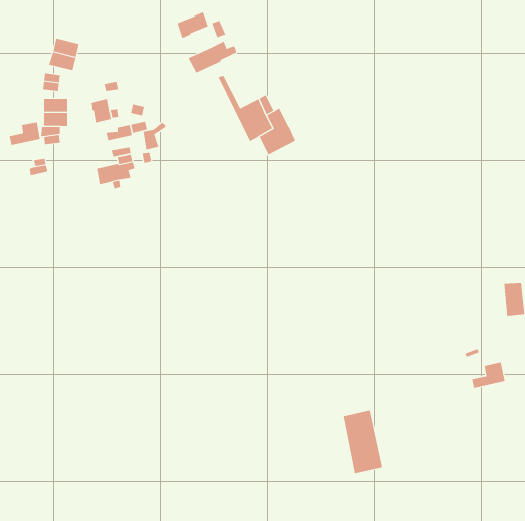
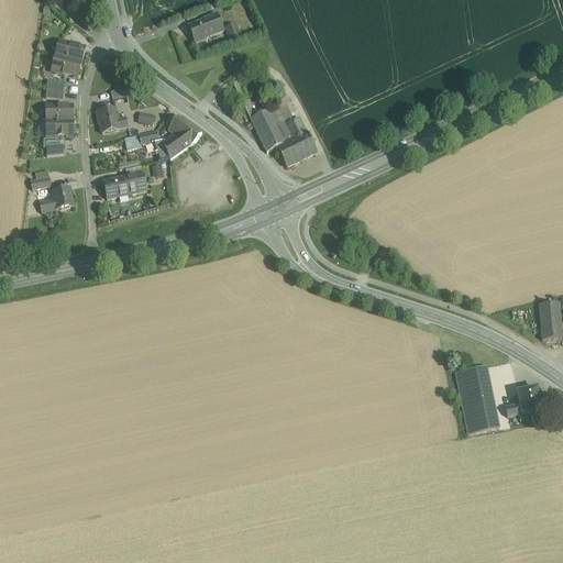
building: [188,41,237,73] -> none
building: none -> [166,114,201,157]
building: [9,122,41,145] -> [40,186,74,211]
building: [343,410,383,474] -> [455,365,498,433]

